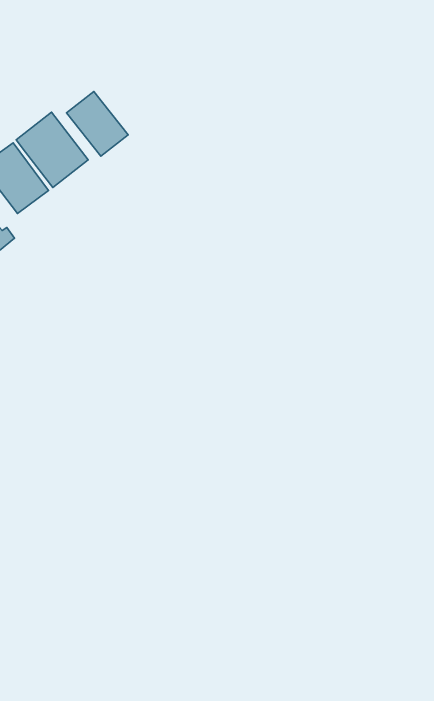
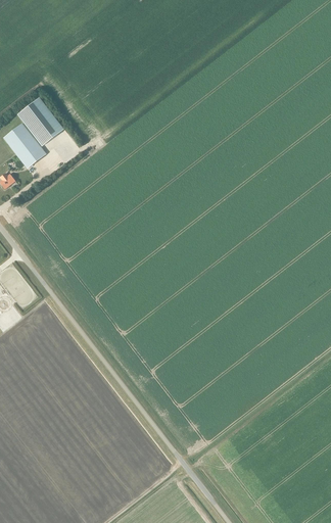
building: [66,91,128,156] -> none

